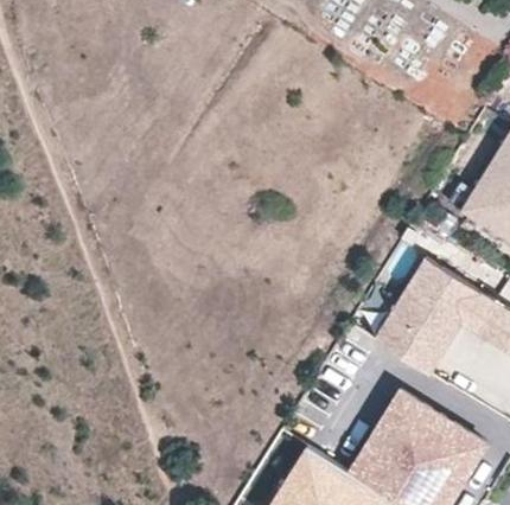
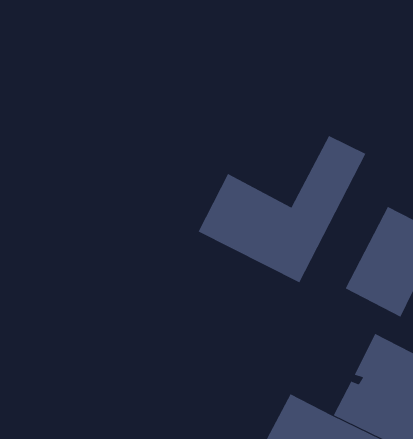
building: none -> [198,135,366,283]

